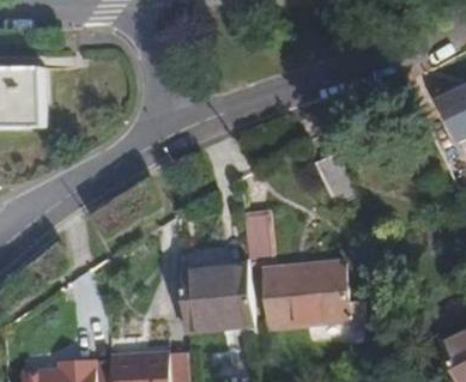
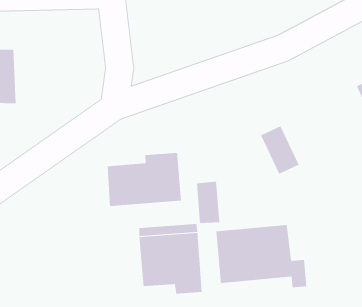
building: none -> [107,152,181,207]

